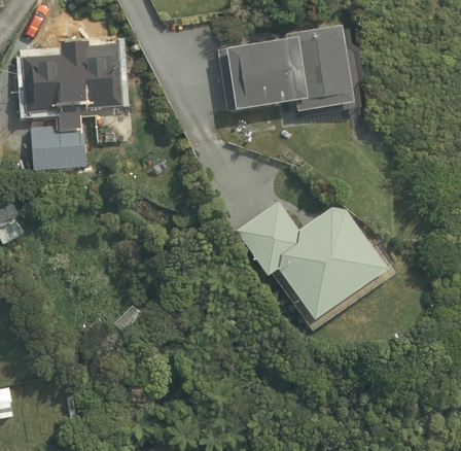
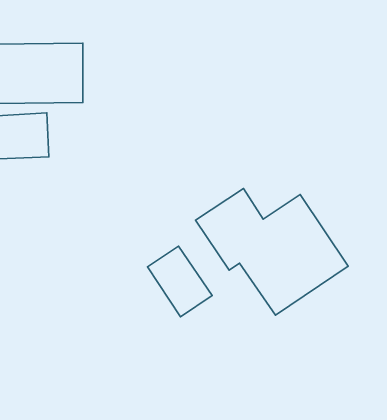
building: [220,26,358,117] -> none
building: none -> [148,246,212,317]

